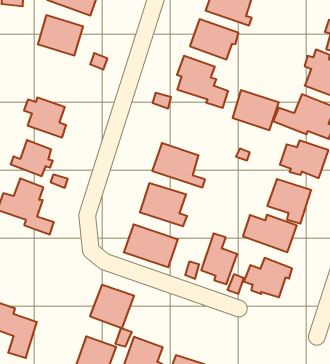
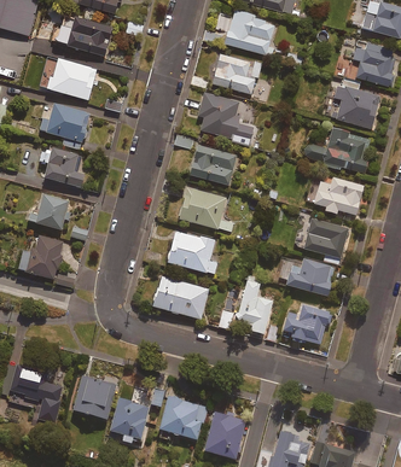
building: none -> [39,103,91,148]
building: [233,90,279,130] -> [188,144,237,185]
building: [90,285,134,328] -> [71,374,117,419]

